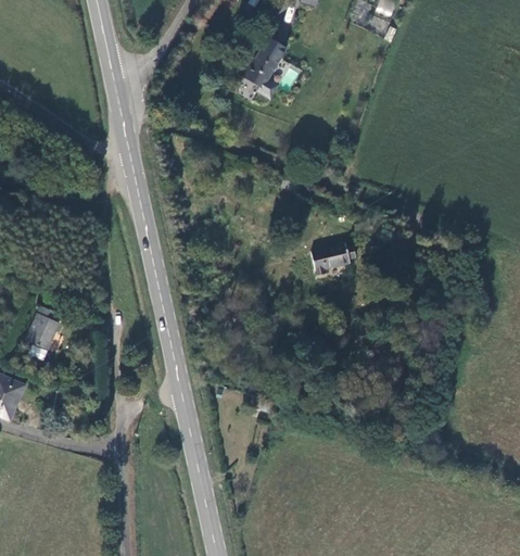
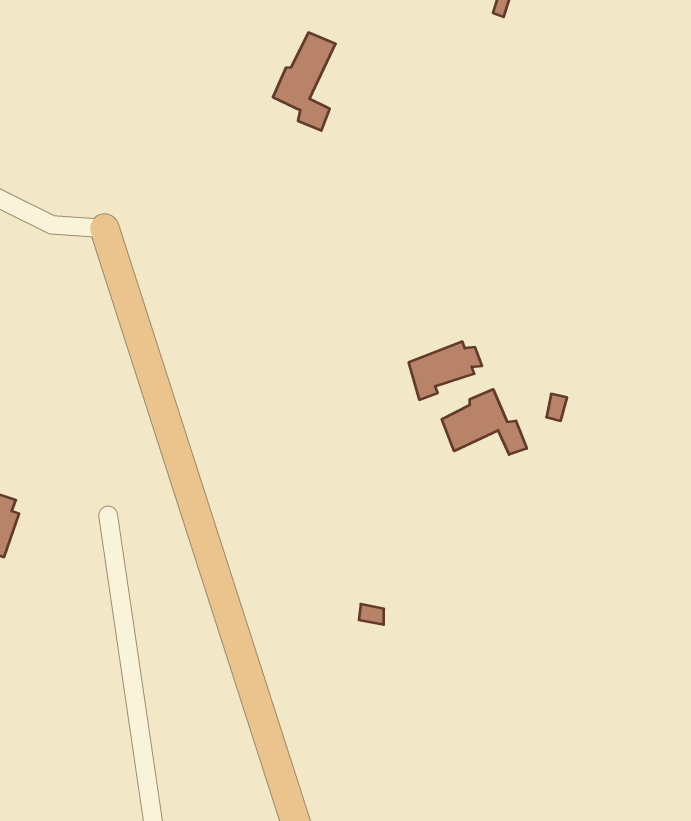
building: none -> [442,389,527,455]

